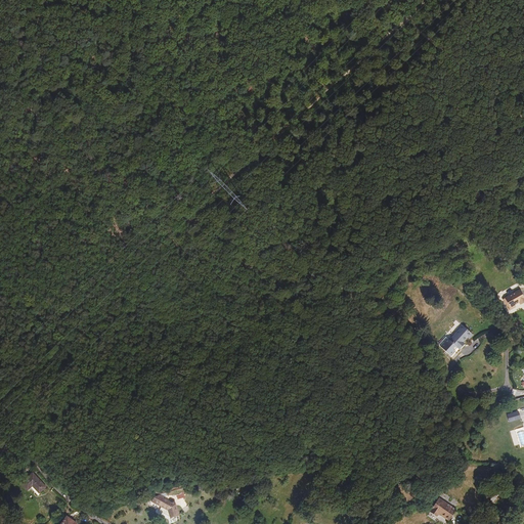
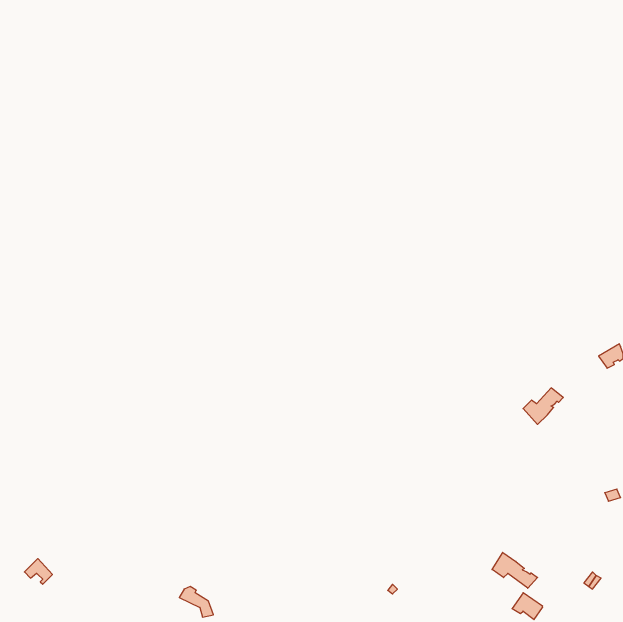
building: none -> [492,552,538,588]

